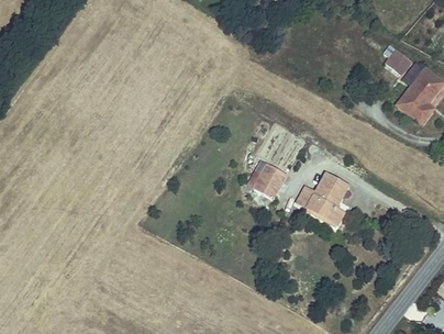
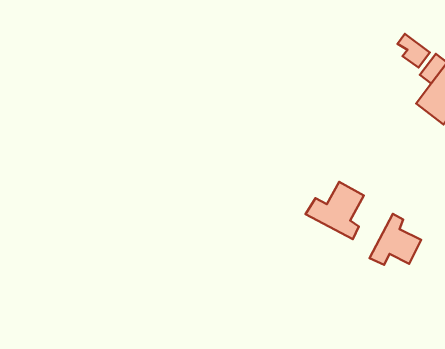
building: [256,162,287,198] -> none
building: none -> [369,214,421,265]

